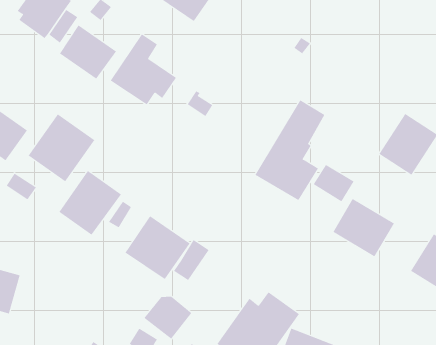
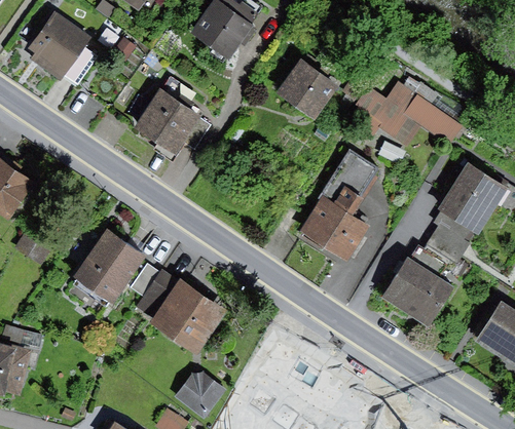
building: none -> [274,56,339,119]
building: [59,25,117,80] -> none
building: none -> [347,80,459,144]
building: [28,114,95,182] -> none
building: [313,164,354,202] -> [422,223,470,266]
building: [173,239,209,281] -> [135,270,176,317]

